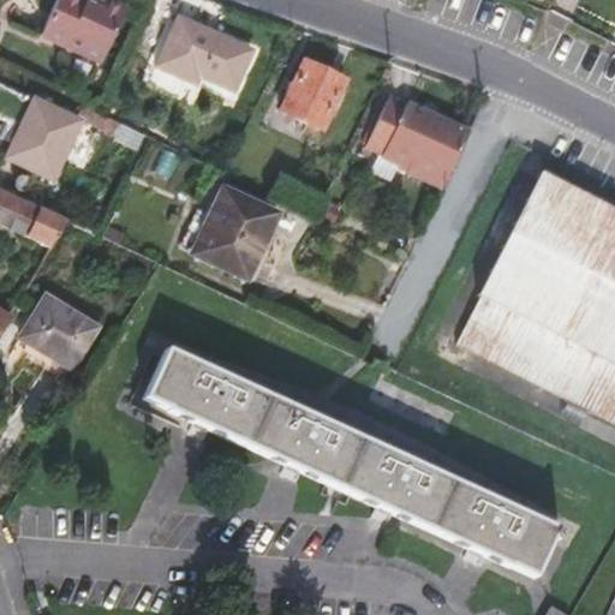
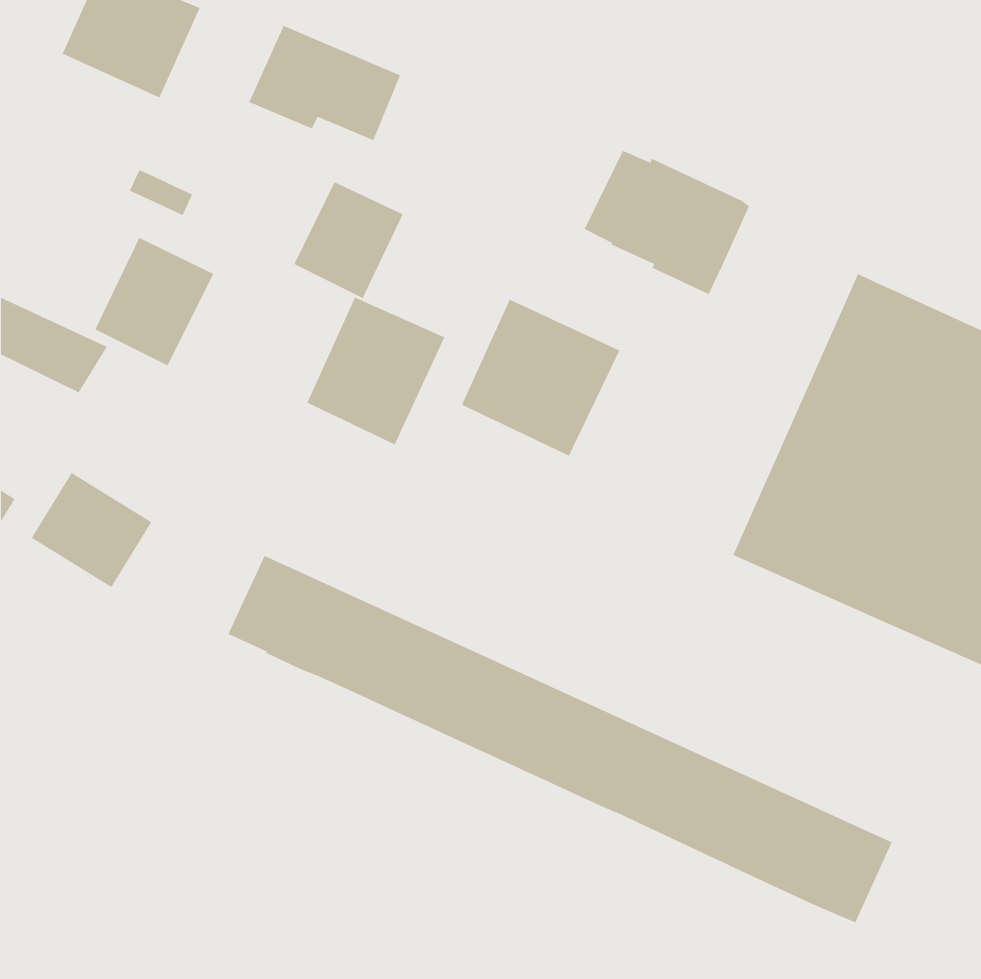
building: [280,56,348,130] -> [294,181,403,299]
building: [7,98,82,179] -> [95,237,214,366]
building: none -> [461,299,620,457]

